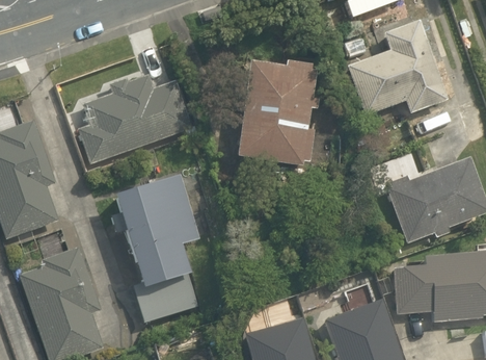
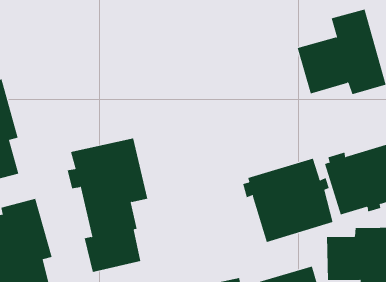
building: [237,60,320,165] -> none
building: [79,73,194,163] -> none
building: none -> [242,158,333,243]

